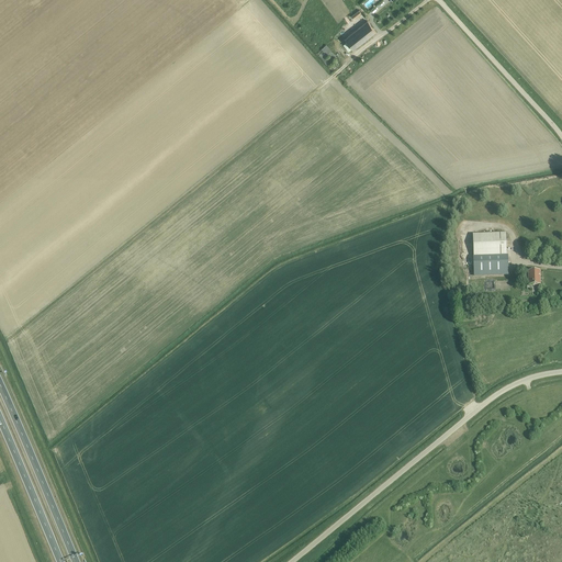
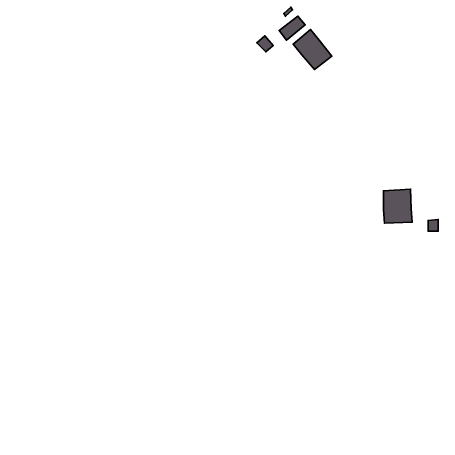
building: none -> [293,29,332,70]

